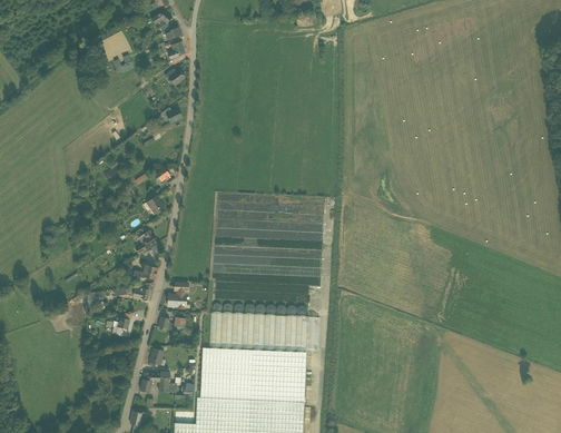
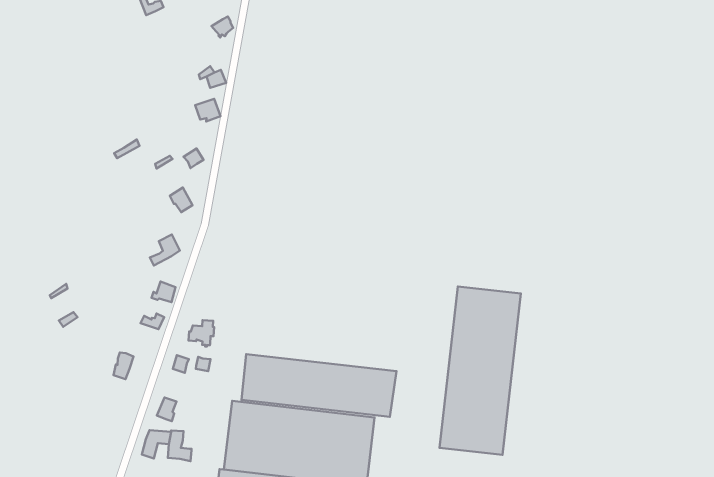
building: none -> [439,287,521,455]

